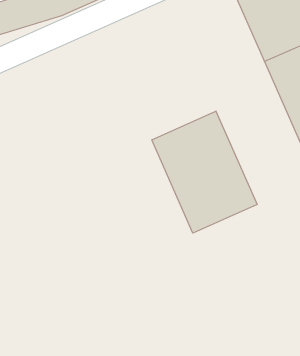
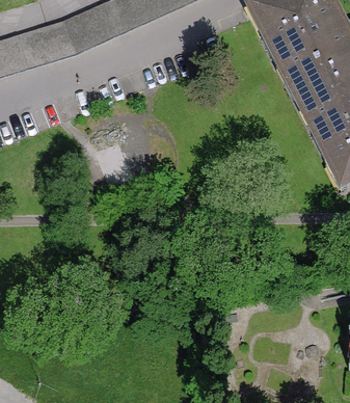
building: [152,111,257,233] -> none

